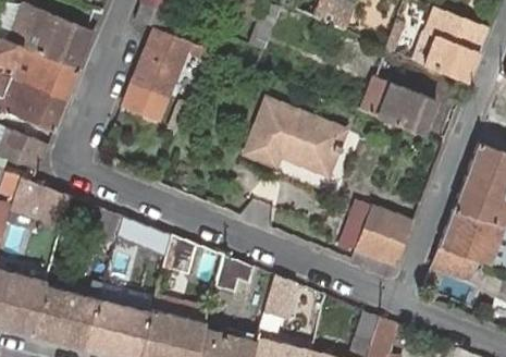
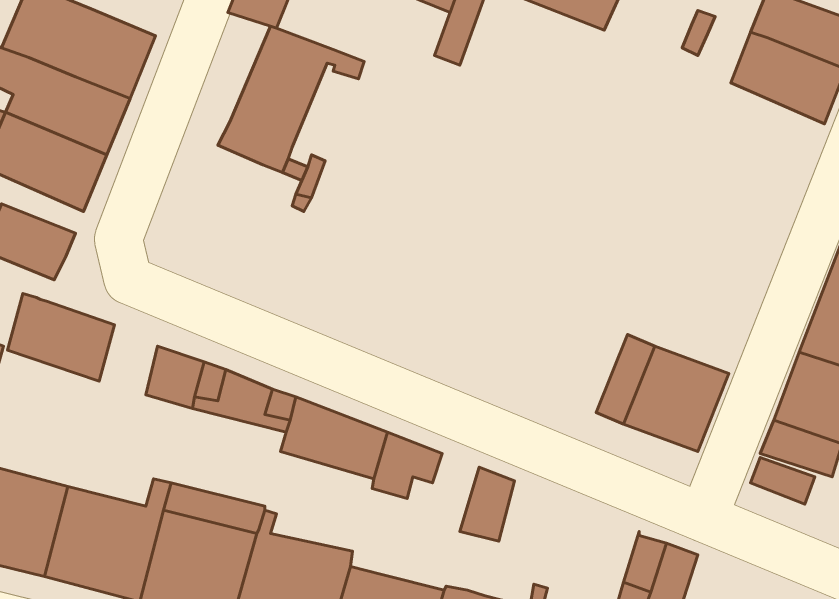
building: [361,75,439,135] -> none
building: [244,100,345,175] -> none

